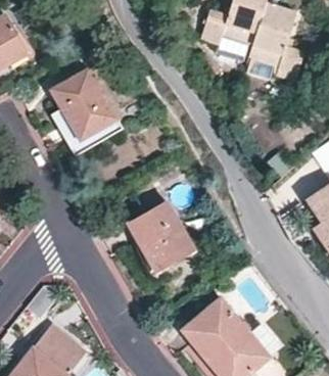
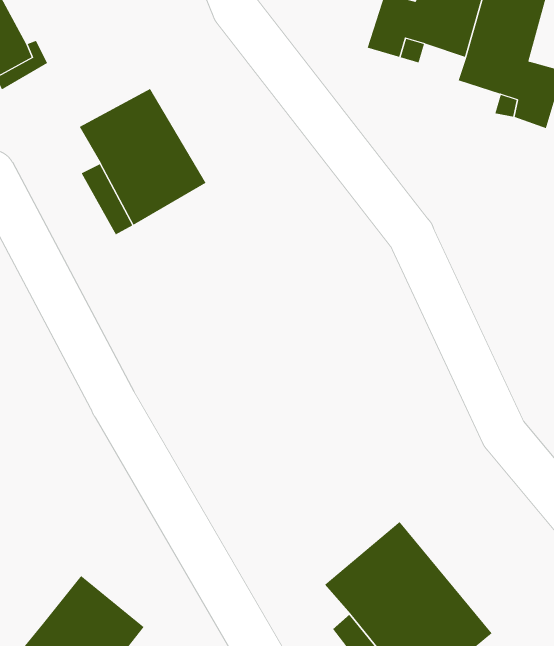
building: [130,199,196,270] -> none

